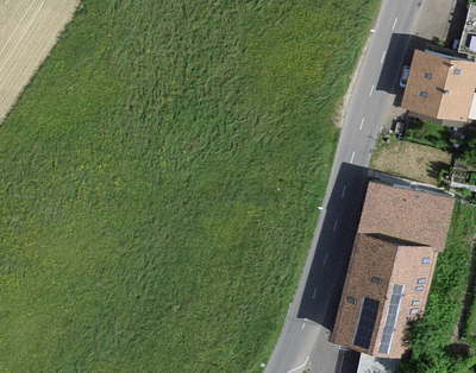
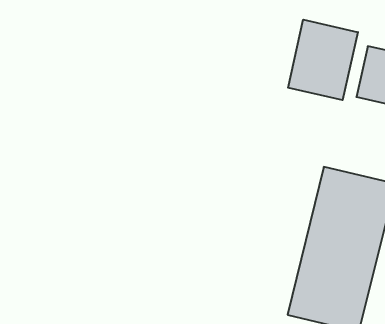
building: none -> [288,20,358,100]

